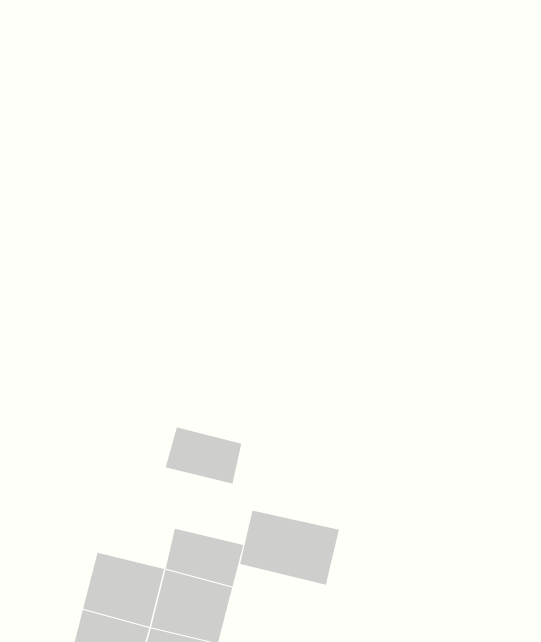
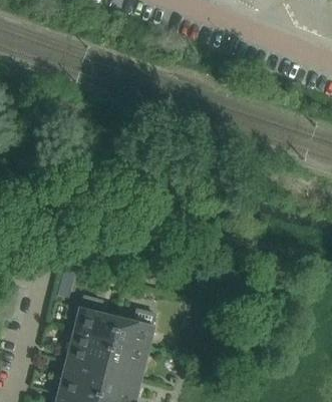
building: [165,427,242,484] -> [73,310,115,341]
building: [240,510,340,585] -> none

